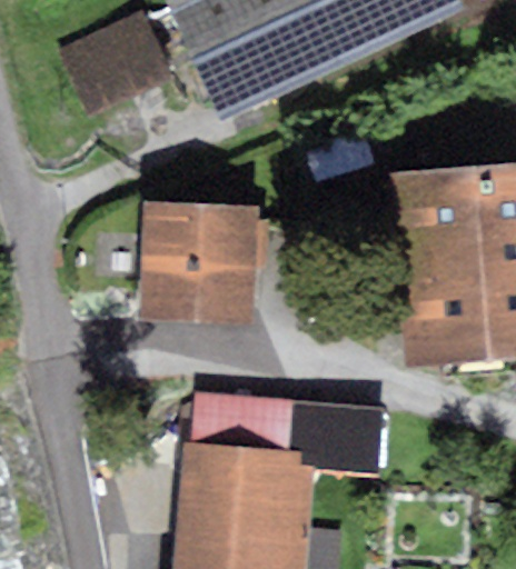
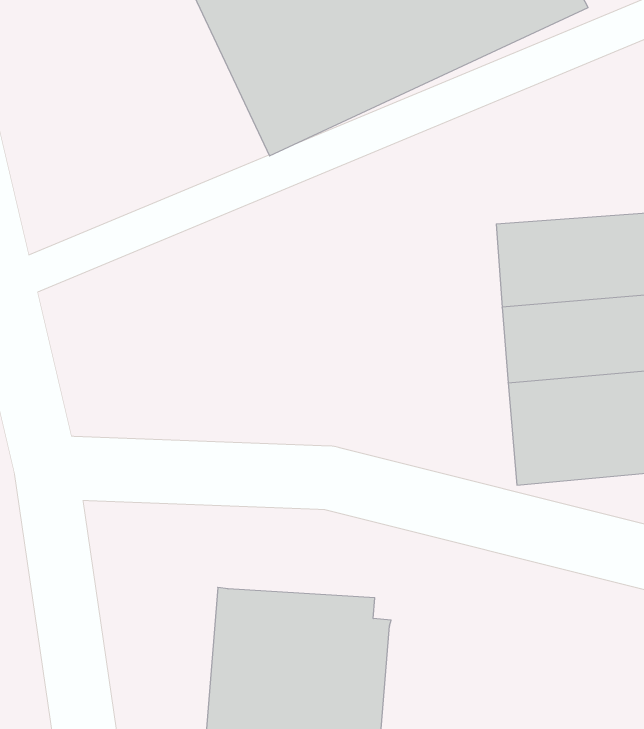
building: [57,9,170,113] -> none
building: [140,201,259,322] -> none
building: [191,392,388,478] -> none

